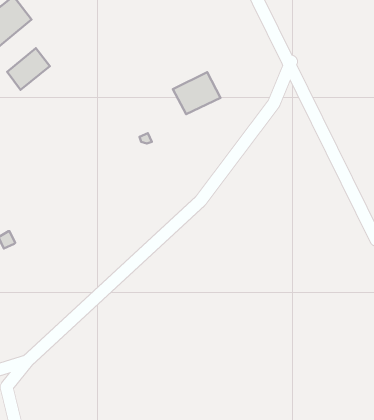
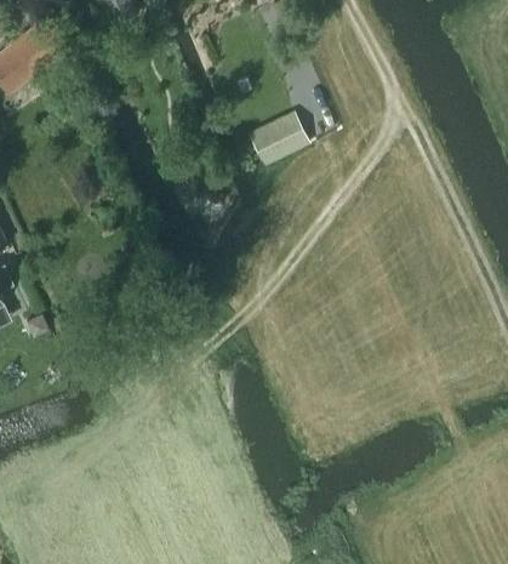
building: [7,48,50,90] -> none

